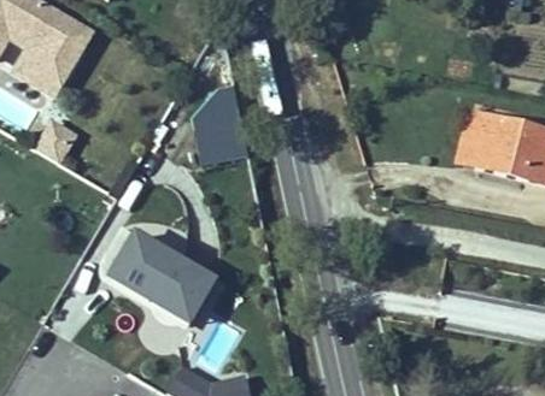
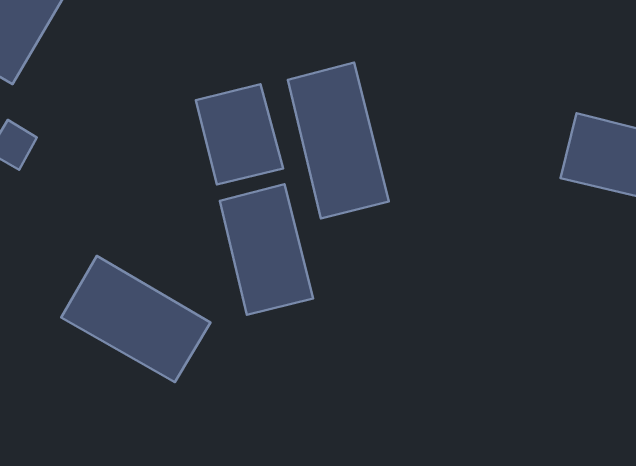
building: none -> [288,63,389,218]
building: none -> [220,184,313,315]

